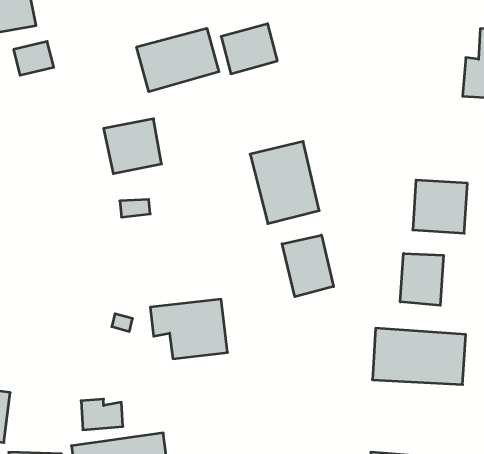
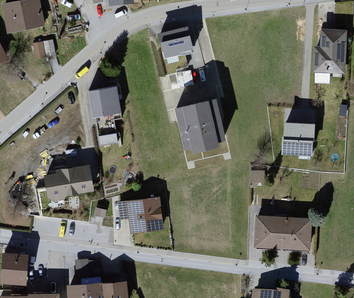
building: [137,28,219,92] -> none
building: [282,235,334,297] -> none
building: none -> [42,164,95,200]
building: [400,253,443,305] -> none

